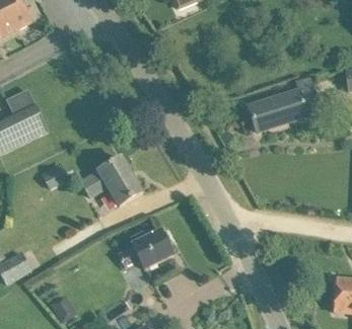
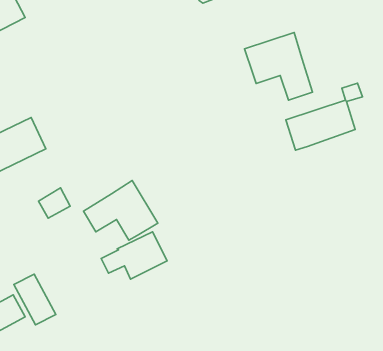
building: none -> [244,33,313,100]
building: [119,229,173,268] -> [101,232,167,279]
building: none -> [14,274,56,325]

